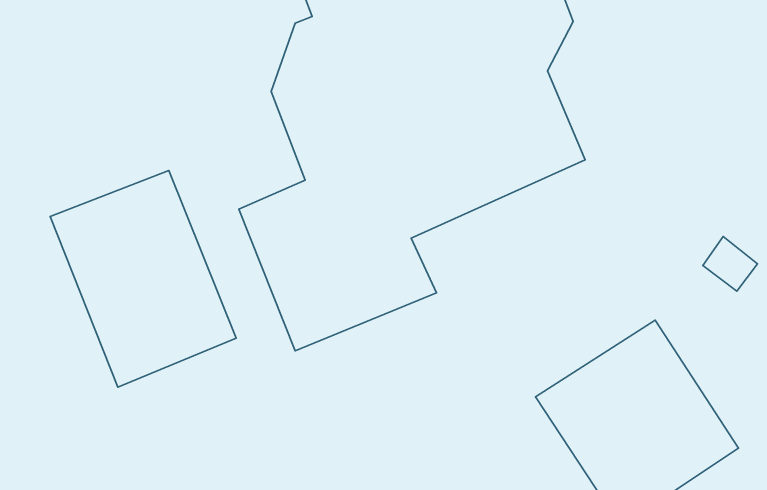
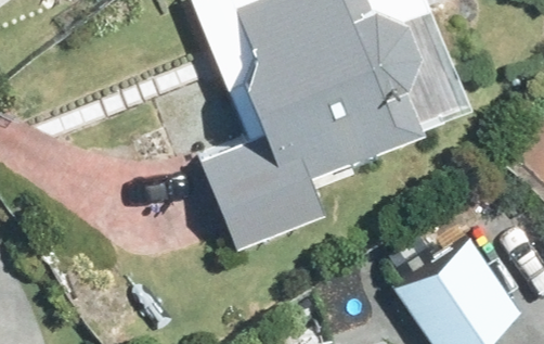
building: [50,170,236,387] -> none

